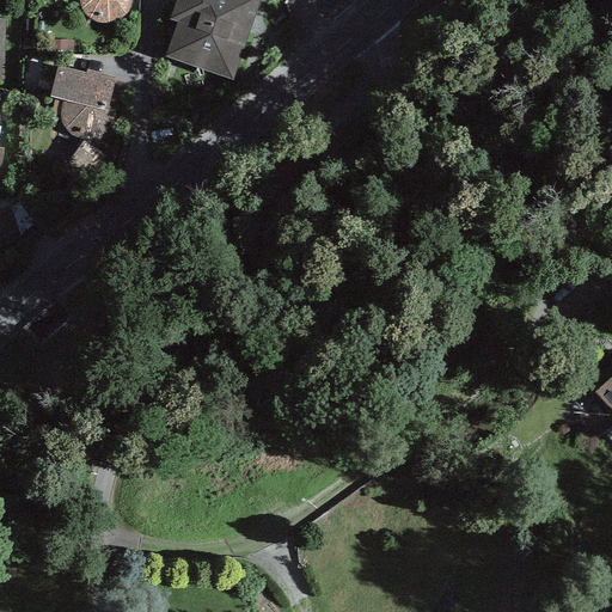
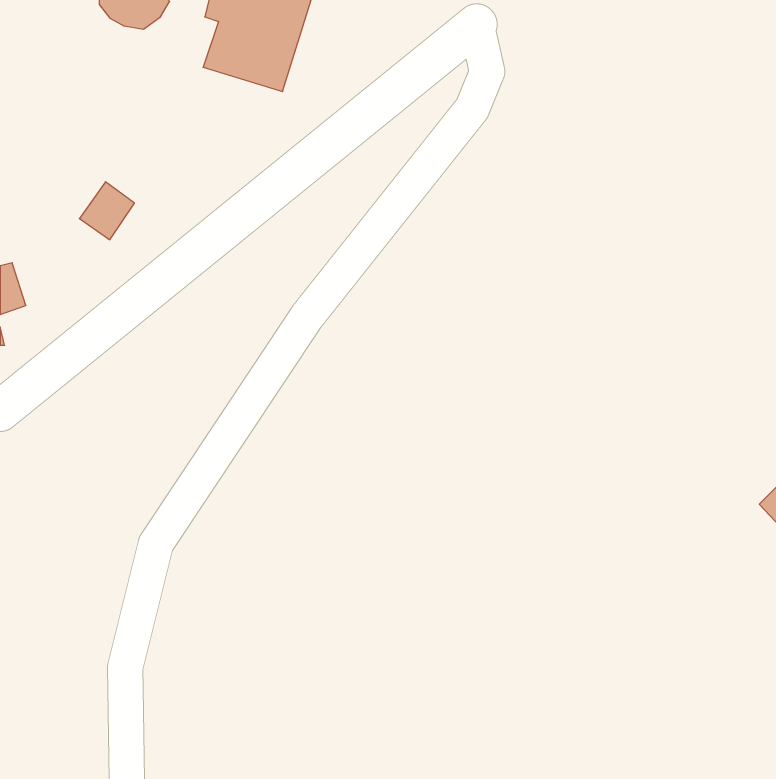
building: [53,65,121,141] -> none

